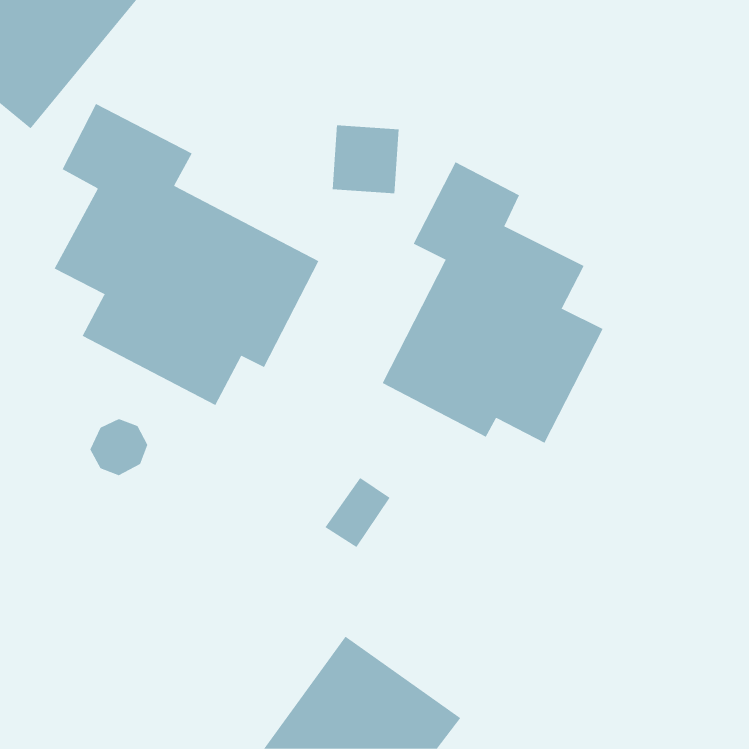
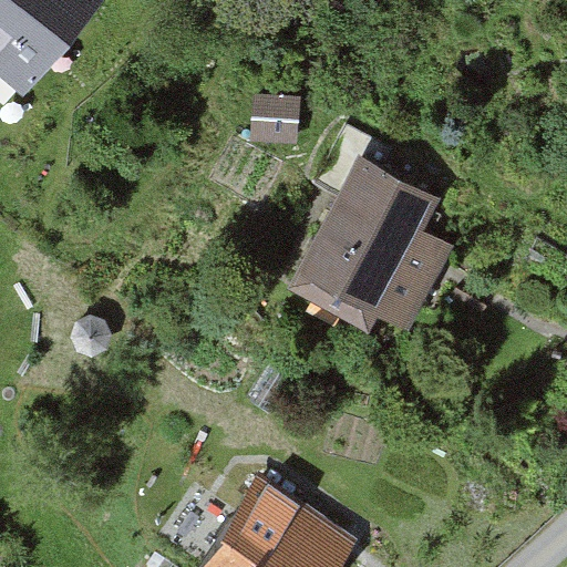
building: [54,103,319,406] -> none

